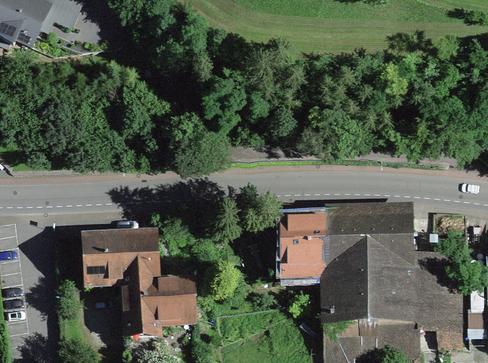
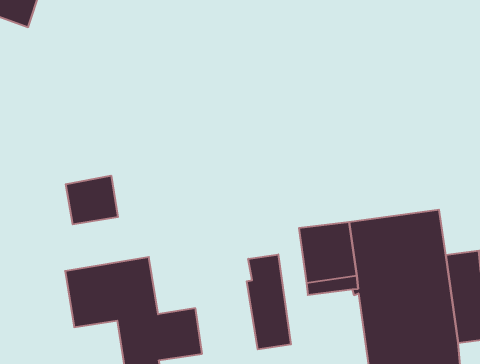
building: none -> [66,176,118,224]
building: none -> [247,254,291,349]

